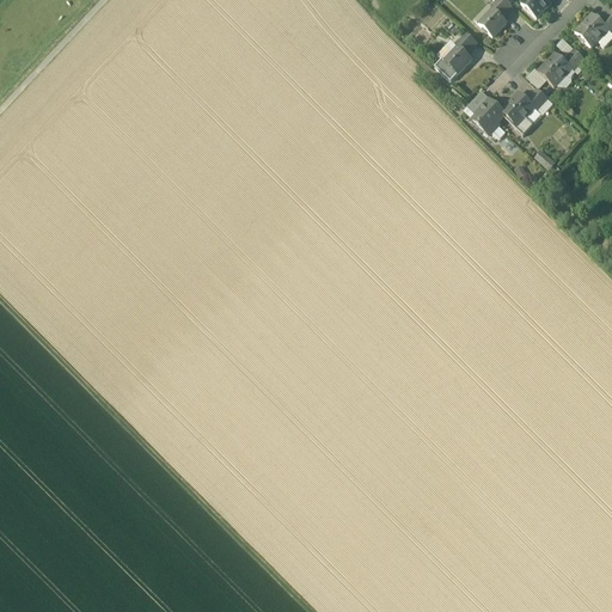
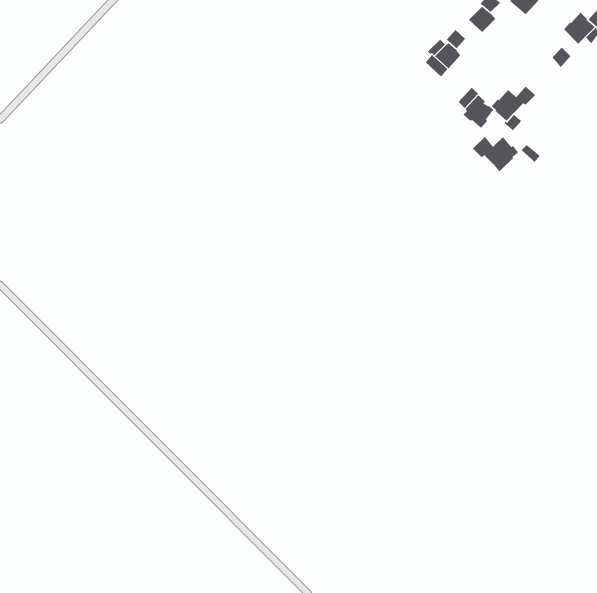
building: [539,51,571,85] -> none
building: none -> [472,136,519,173]

